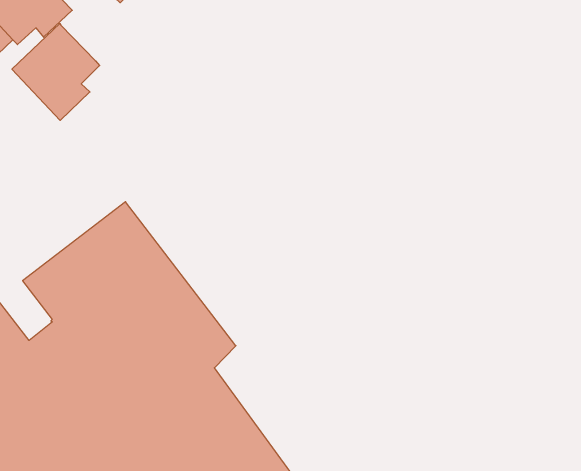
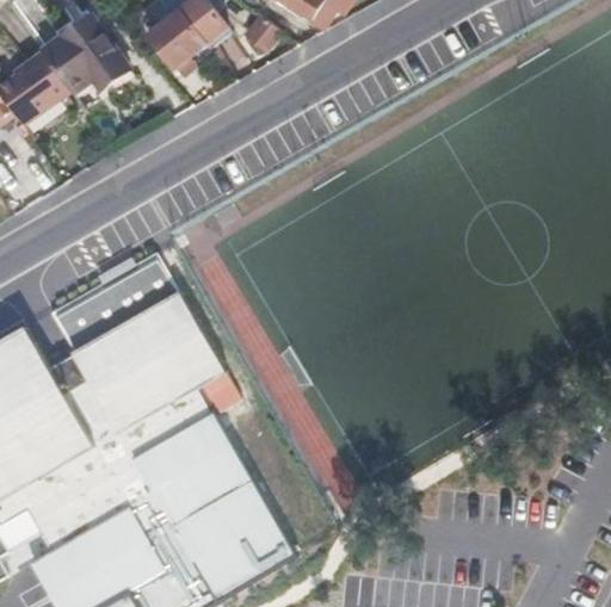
building: [12,24,100,120] -> none

